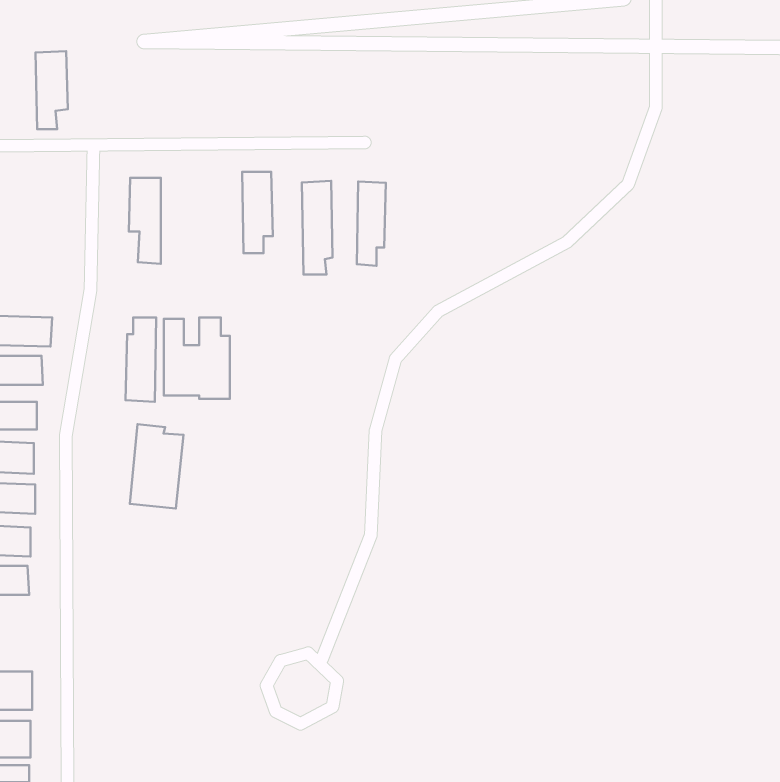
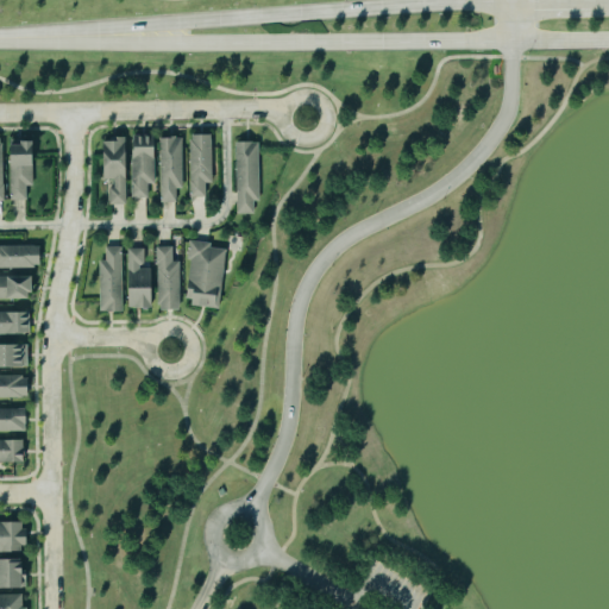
building: [36,51,68,129] -> [10,139,34,200]
building: none -> [130,136,155,197]
building: [357,181,386,266] -> [159,137,182,202]
building: [130,424,183,509] -> [183,240,225,306]

